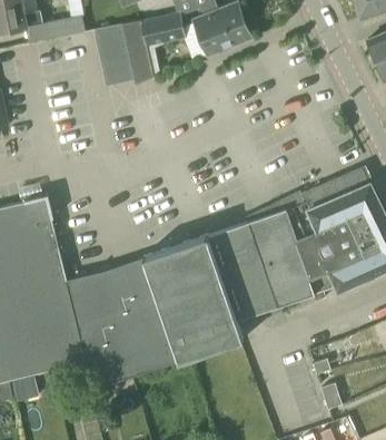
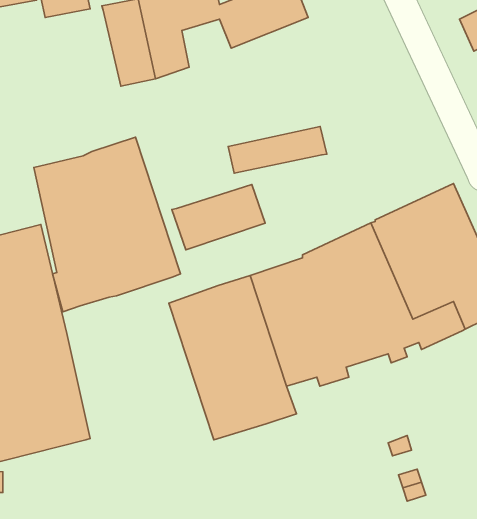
building: none -> [228,127,327,173]
building: none -> [172,184,265,250]
building: [67,256,179,390] -> [34,137,181,312]

